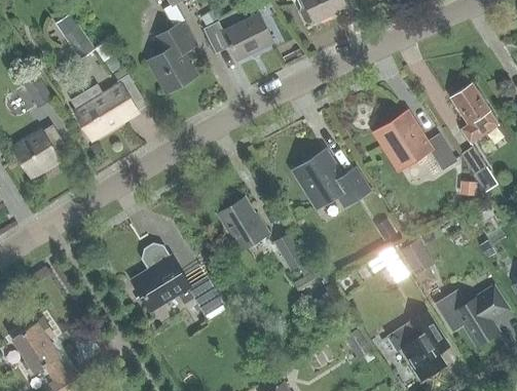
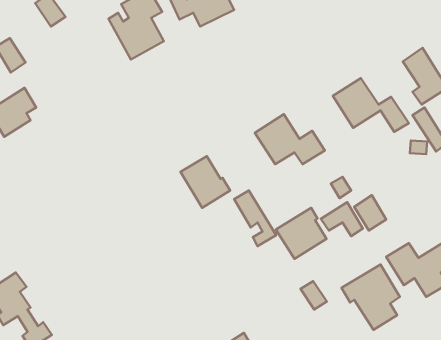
building: [71,75,143,139] -> none
building: [134,244,224,315] -> none
building: none -> [276,208,326,259]

